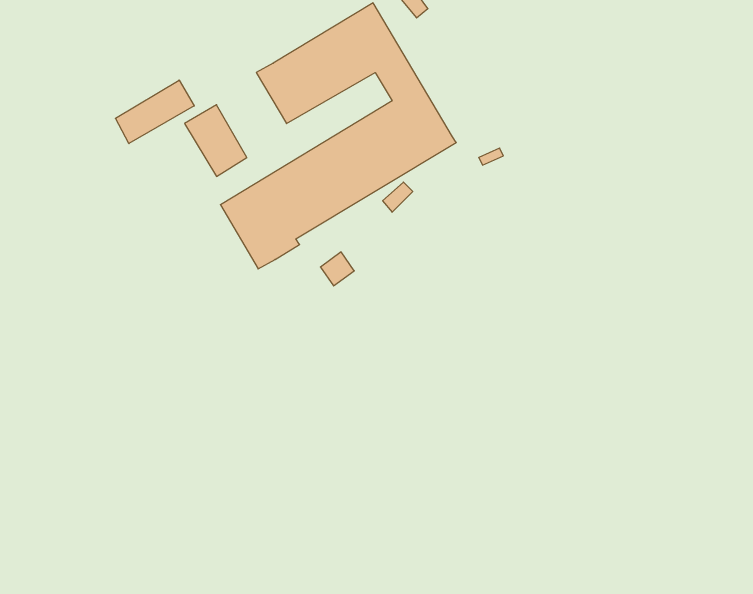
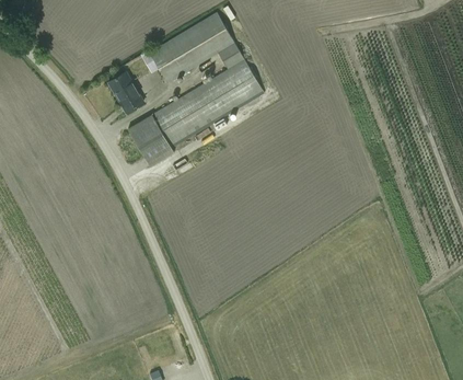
building: [115,80,194,144] -> none

